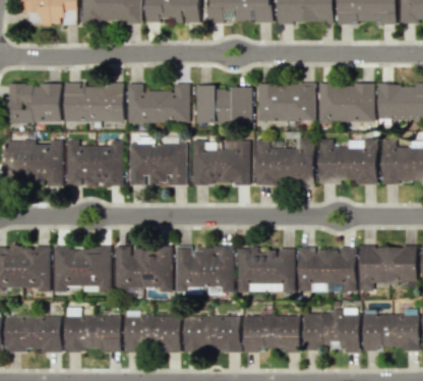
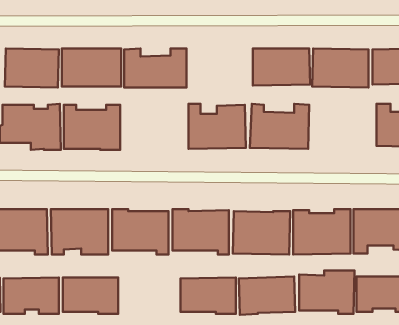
building: [195,85,251,123] -> none
building: [318,139,377,182] -> none
building: [129,143,187,184] -> none
building: [124,314,181,351] -> none

